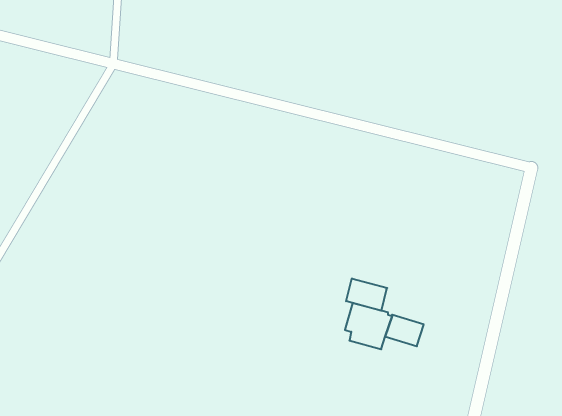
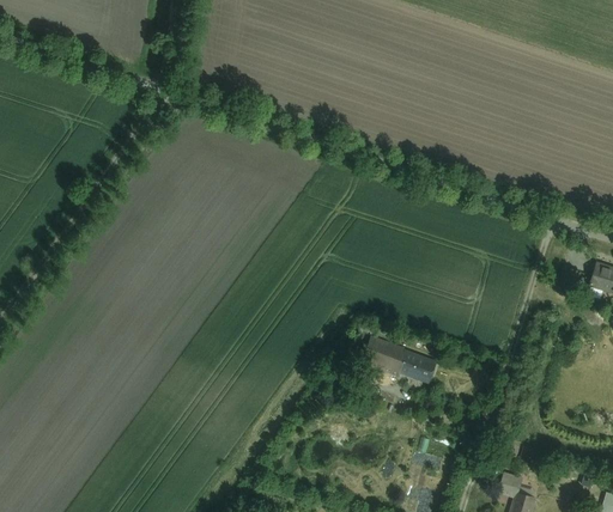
building: [346,278,387,311] -> none

